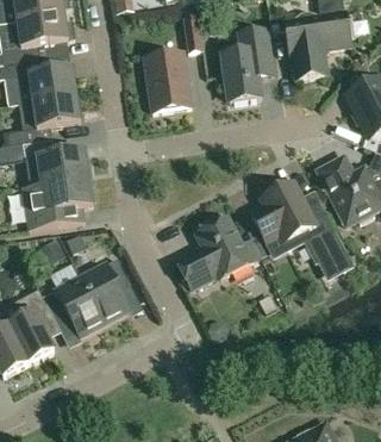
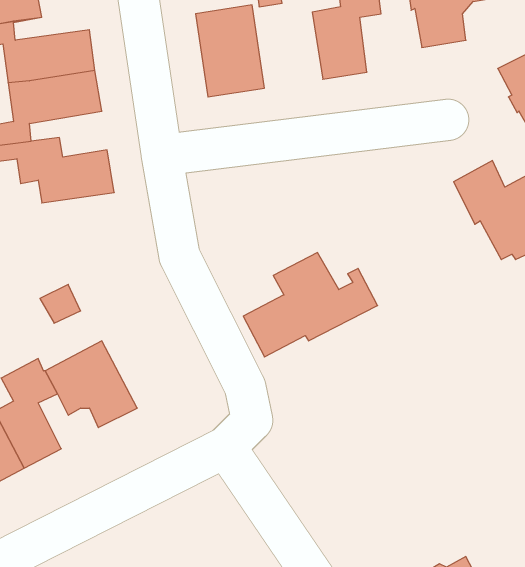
building: [23,175,93,228] -> none
building: [250,181,355,272] -> none
building: [81,256,132,320] -> none

